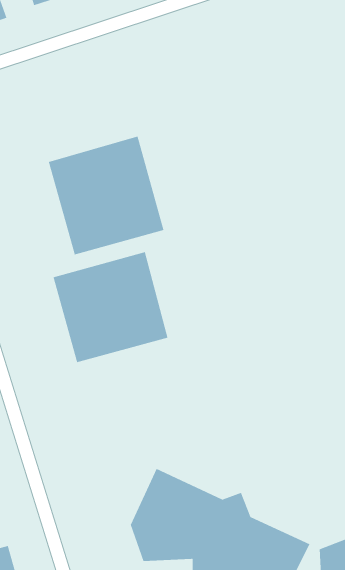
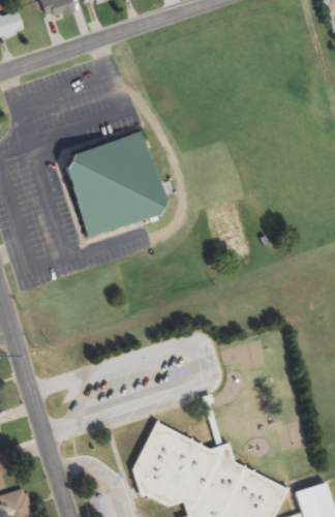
building: [53,251,168,363] -> none

